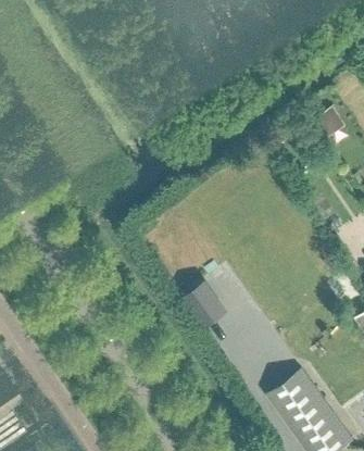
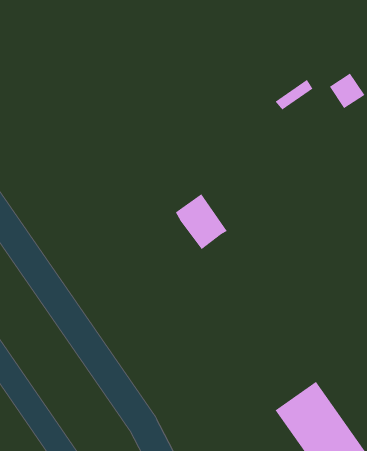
building: [183,276,228,325] -> [175,193,228,250]

